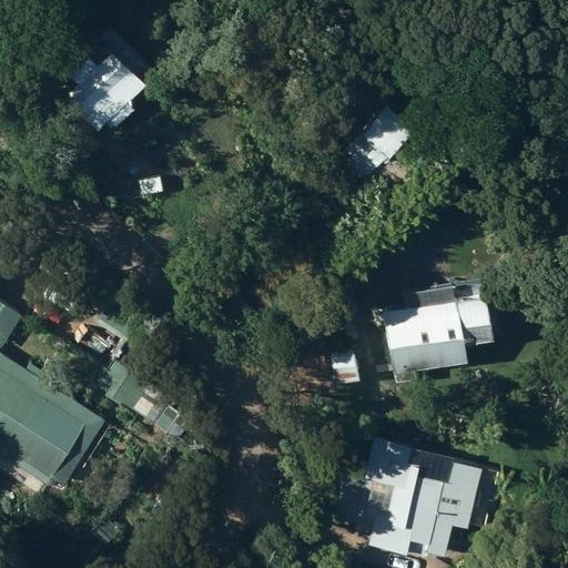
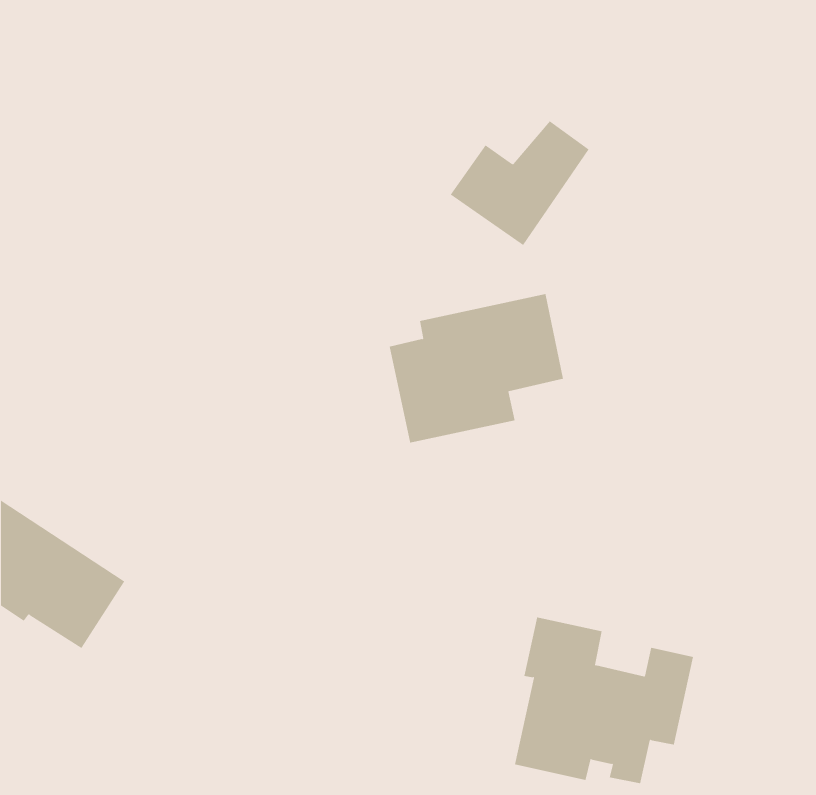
building: [72,49,153,135] -> none
building: [379,273,500,376] -> [389,294,564,443]

